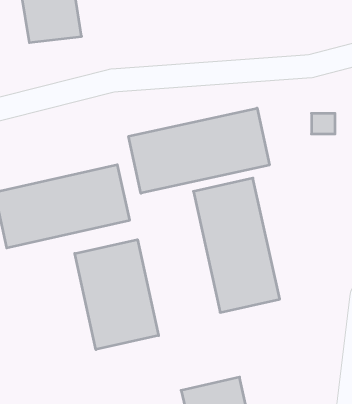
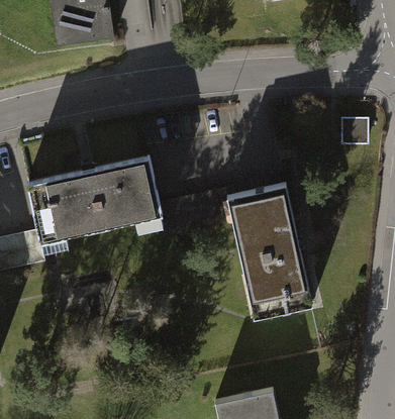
building: [129,108,269,193] -> none
building: [75,240,159,350] -> none

